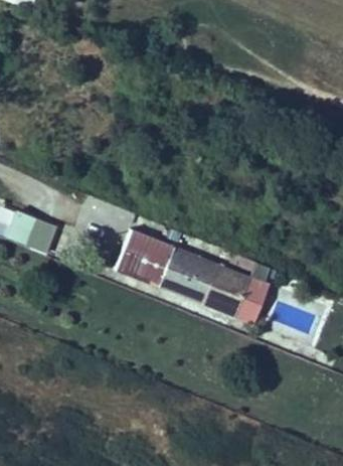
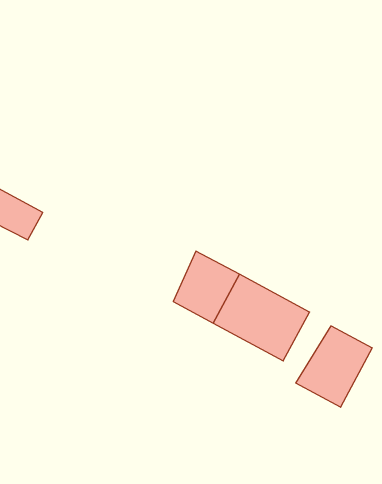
building: [120,229,174,285] -> none
building: none -> [296,326,372,407]

